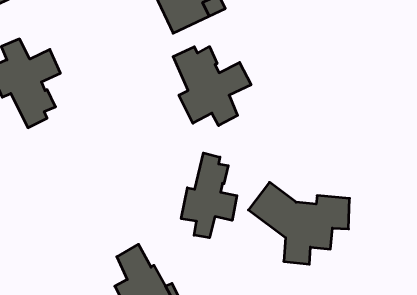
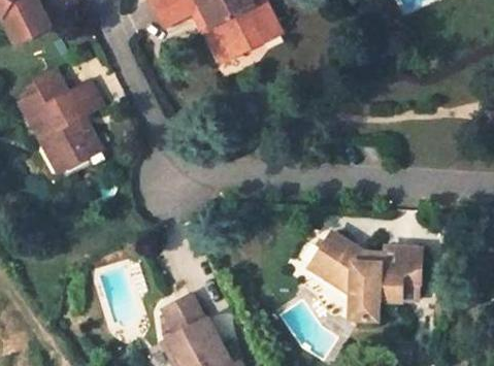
building: [173,47,251,126] -> none
building: [181,153,237,238] -> none

